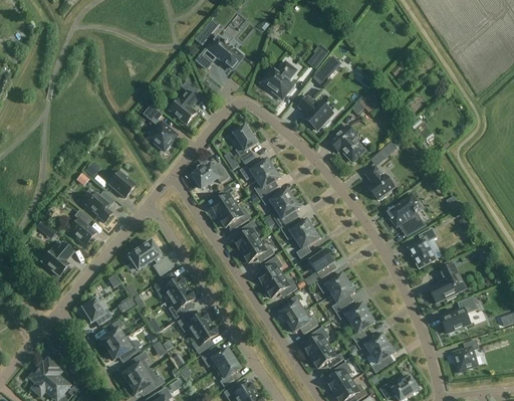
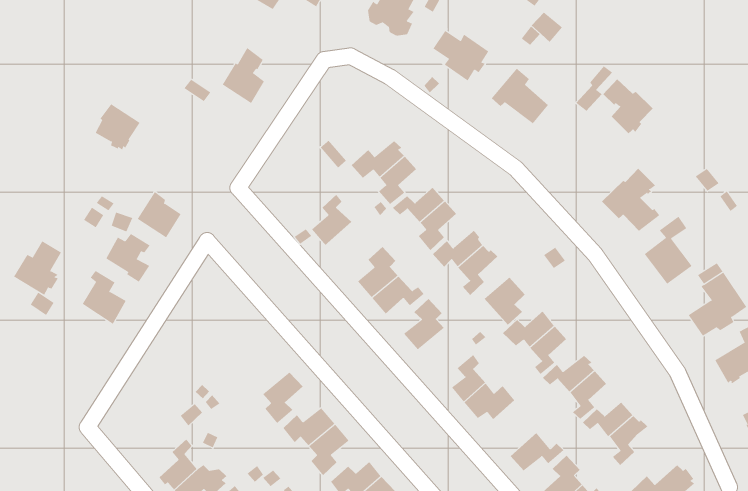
building: [150,121,178,150] -> [95,104,140,151]
building: [234,124,257,163] -> none
building: [192,165,228,187] -> none
building: [365,165,395,199] -> [603,79,653,134]
building: [219,203,251,226] -> none
building: [127,240,173,274] -> none
building: [42,241,73,274] -> [13,240,62,295]
building: [265,274,297,296] -> none
building: [155,276,187,298] -> none
building: [82,295,111,323] -> none
building: [304,326,329,357] -> none

